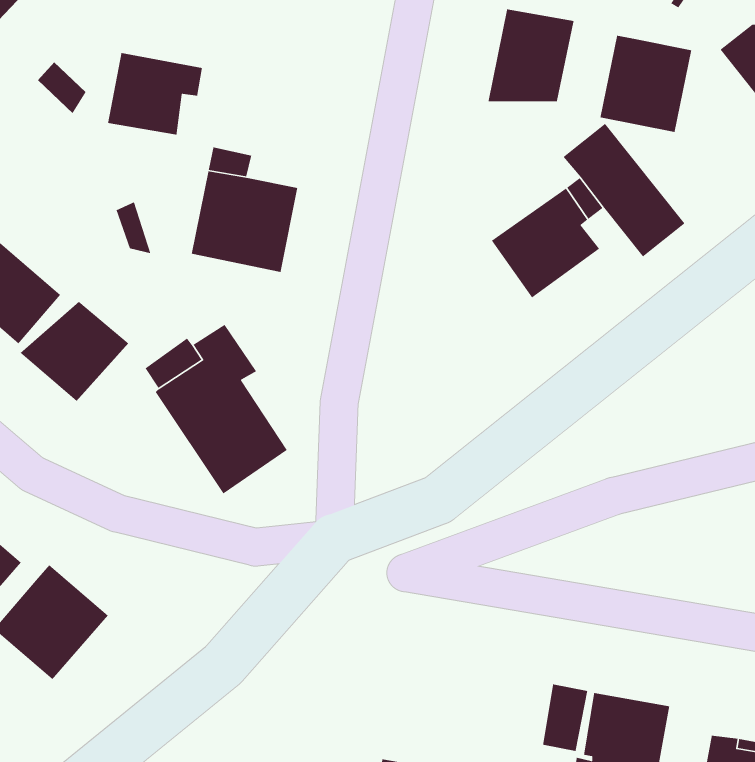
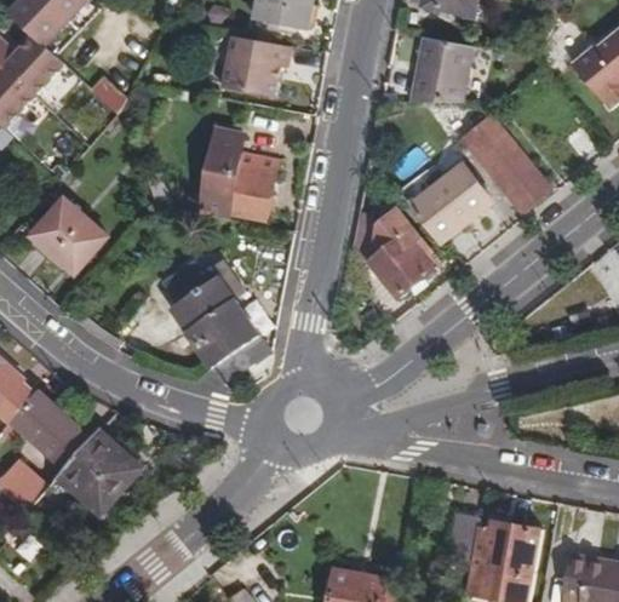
building: [599,35,692,133] -> none
building: [107,52,203,136] -> [223,35,291,94]
building: none -> [348,207,437,293]
building: [20,301,129,402] -> none

